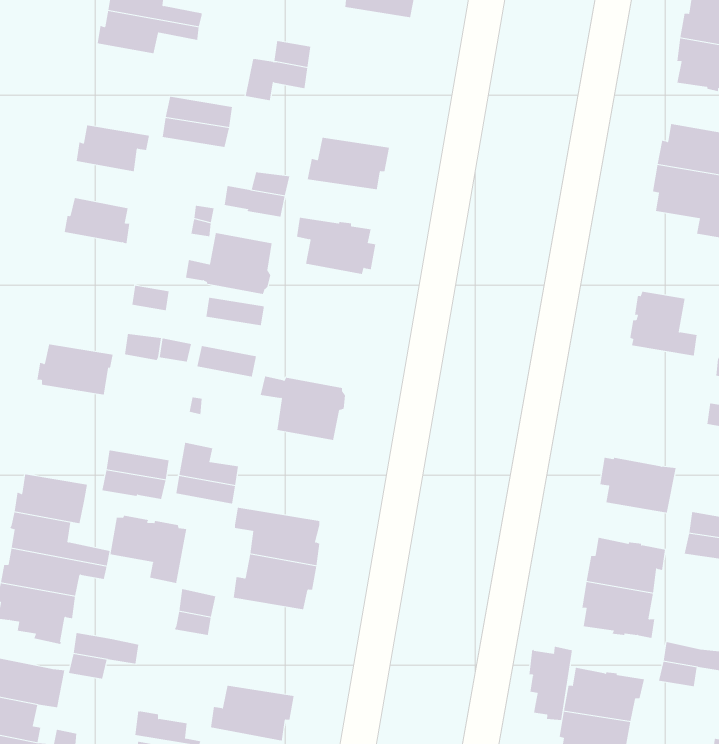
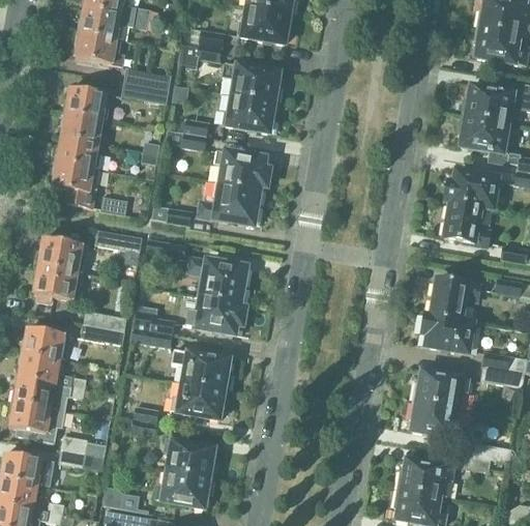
building: none -> [236,6,292,45]
building: none -> [73,31,120,65]
building: none -> [220,63,279,103]
building: none -> [60,112,106,144]
building: none -> [51,160,97,209]
building: [185,232,273,294] -> [199,182,259,225]
building: none -> [444,171,498,208]
building: none -> [32,265,83,303]
building: none -> [429,277,480,321]
building: none -> [186,296,245,335]
building: [110,515,187,584] -> none
building: none -> [163,439,215,478]
building: [529,646,573,721] -> none

